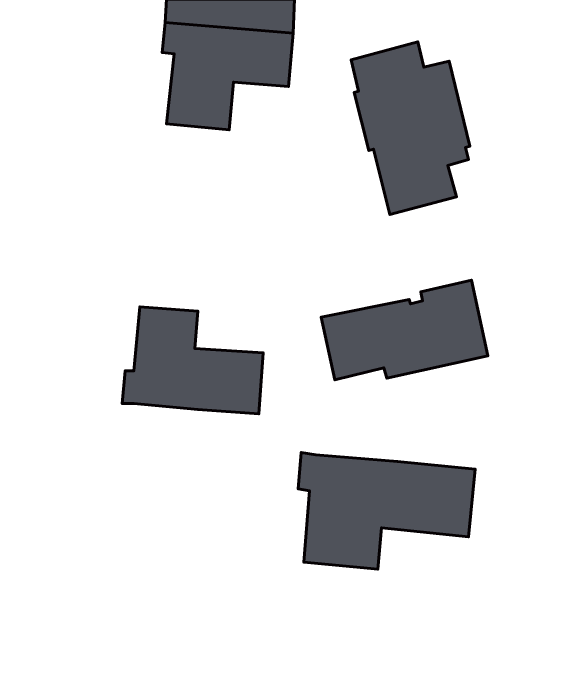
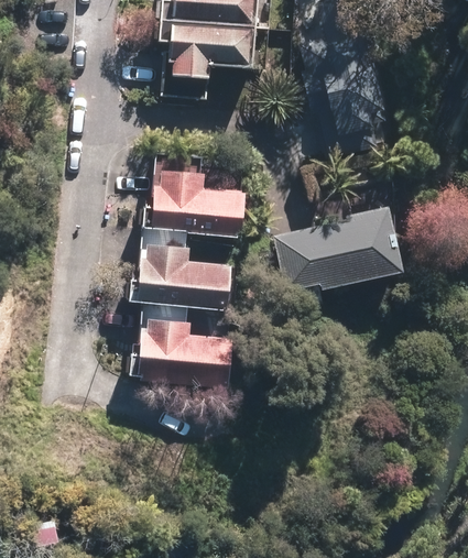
building: none -> [143,154,249,237]
building: none -> [128,302,232,387]
building: [298,452,475,569] -> none

